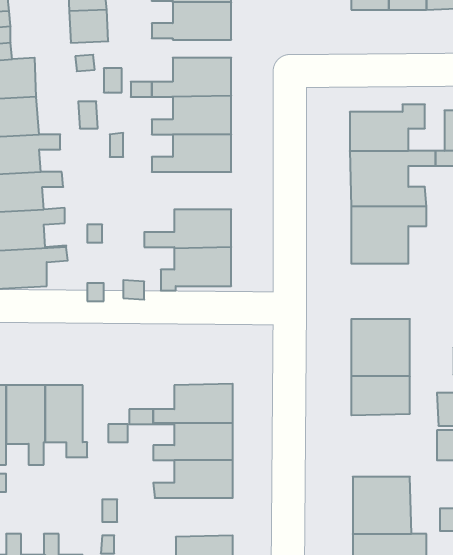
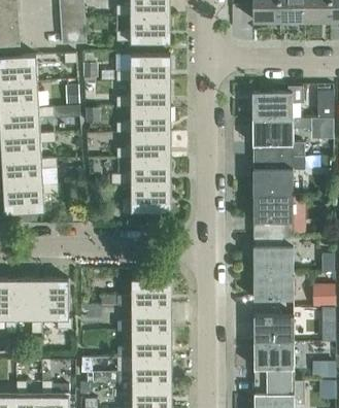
building: none -> [115,134,170,160]
building: none -> [252,197,293,235]
building: none -> [253,316,293,343]
building: none -> [117,358,171,384]

